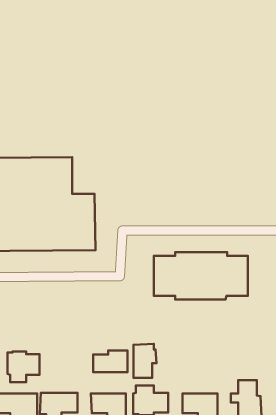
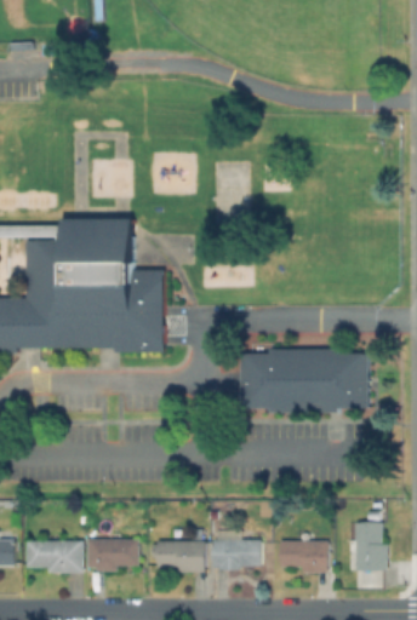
building: [134,344,156,378] -> none
building: [93,350,127,372] -> none
building: [8,351,39,382] -> none

